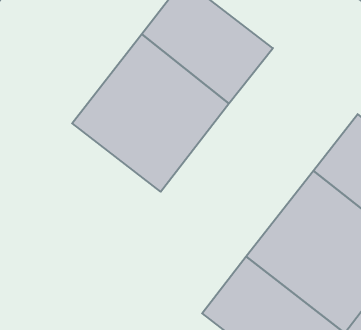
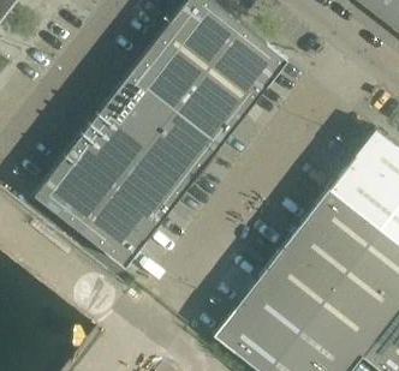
building: none -> [35,138,171,267]

